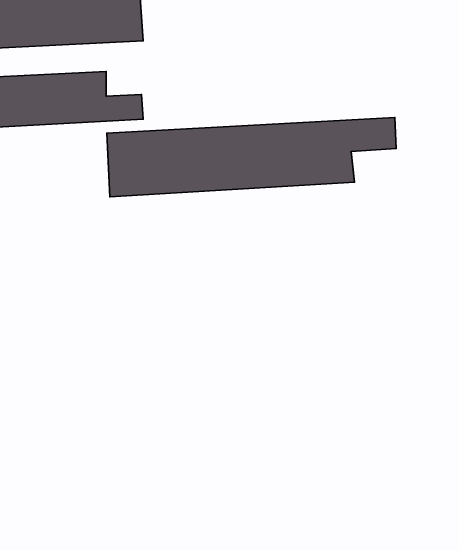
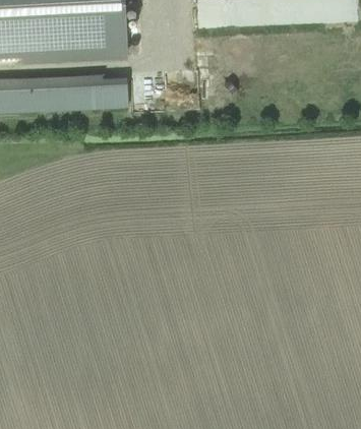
building: [107,118,396,197] -> none

